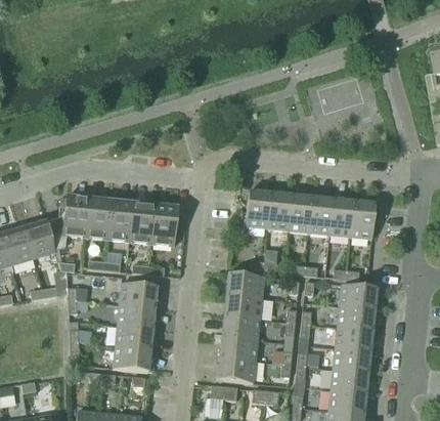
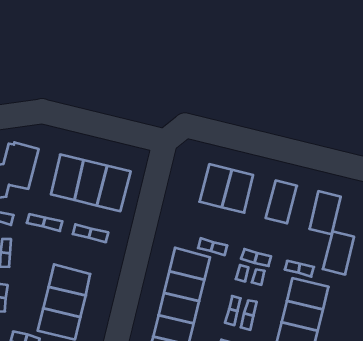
building: [289,194,313,231] -> none
building: [329,198,354,236] -> [323,232,354,274]
building: [86,199,111,239] -> none
building: [120,282,157,307] -> none

